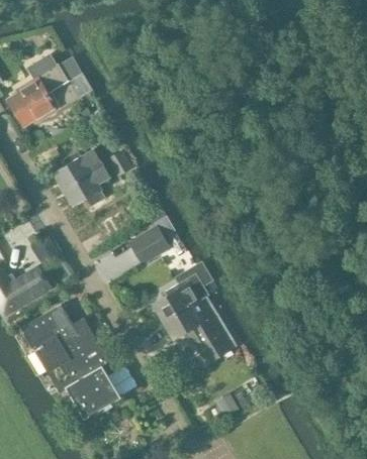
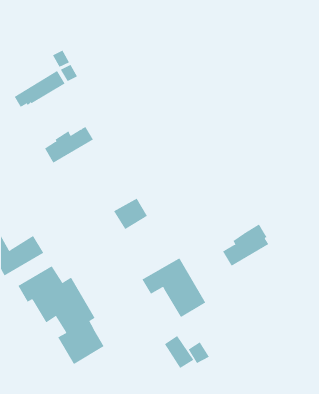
building: [9,55,67,112] -> none
building: [62,158,118,205] -> none
building: [153,271,206,320] -> [222,224,269,266]
building: none -> [164,335,194,369]

